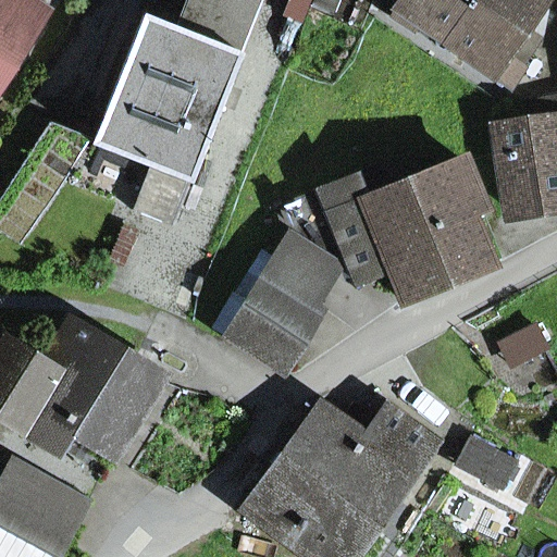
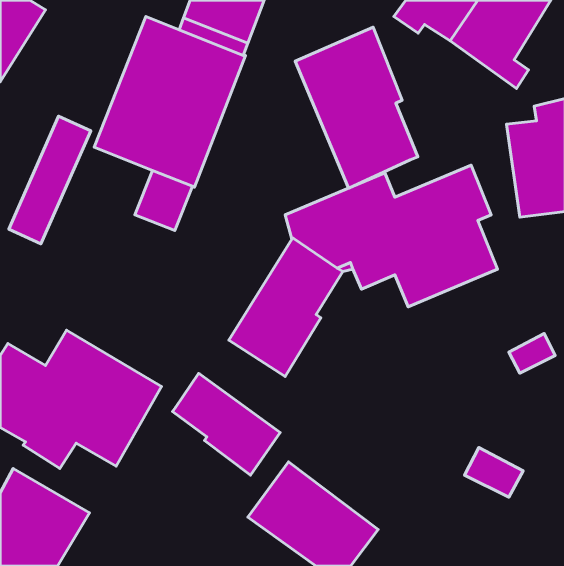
building: none -> [295,27,418,188]
building: none -> [173,373,280,475]
building: [285,407,430,520] -> none

